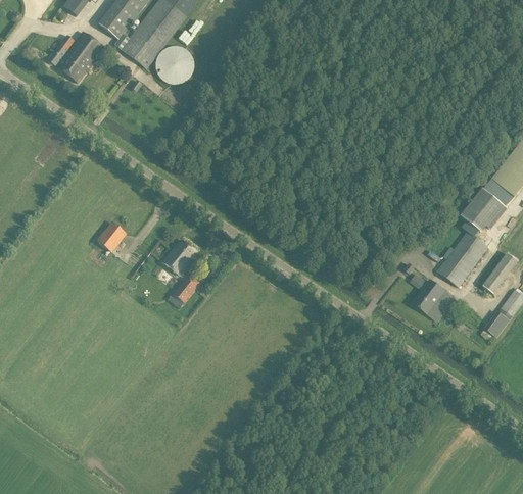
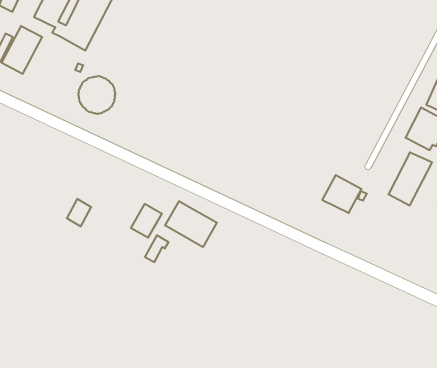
building: [154,46,193,85] -> [78,76,115,114]
building: none -> [165,201,217,247]
building: [411,280,454,322] -> [322,175,362,213]

